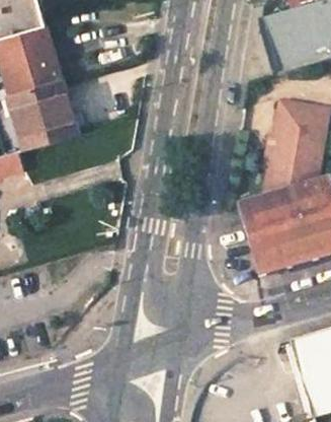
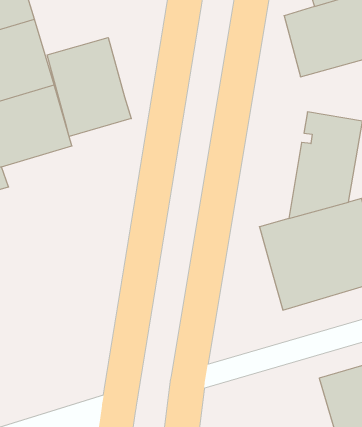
building: none -> [47,38,131,137]

